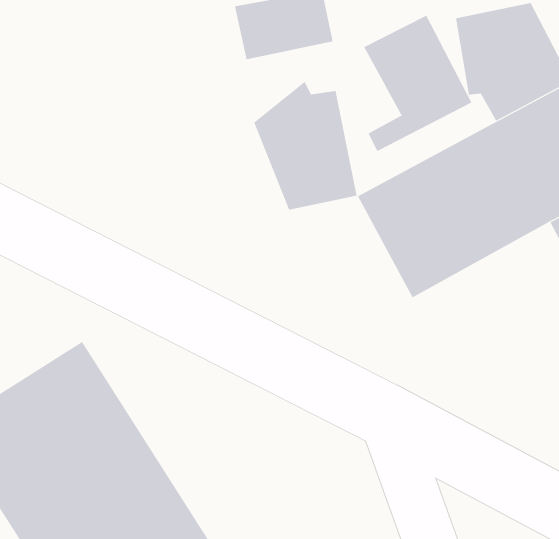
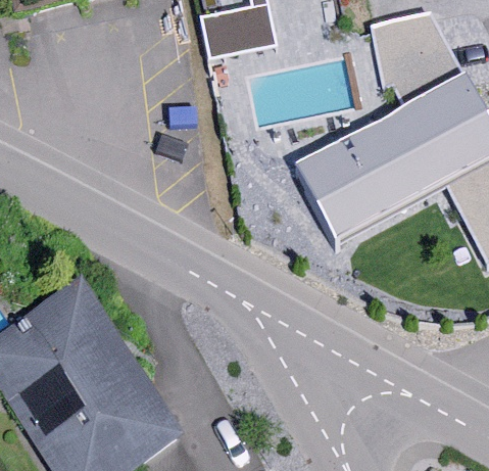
building: [363,15,472,152] -> none
building: [253,81,357,210] -> none

